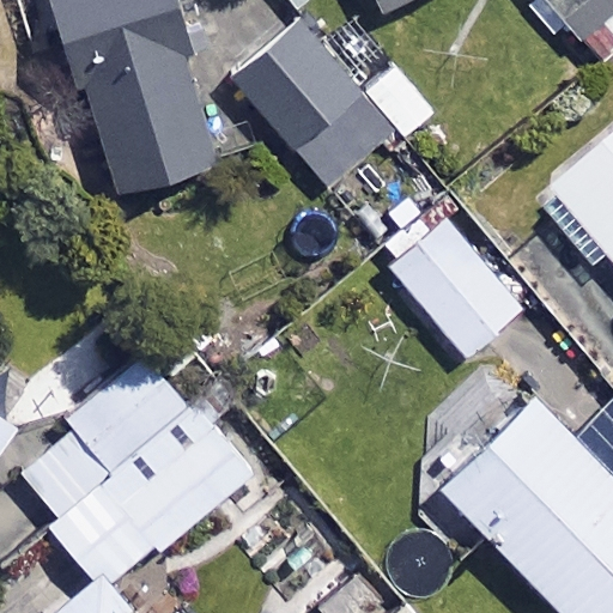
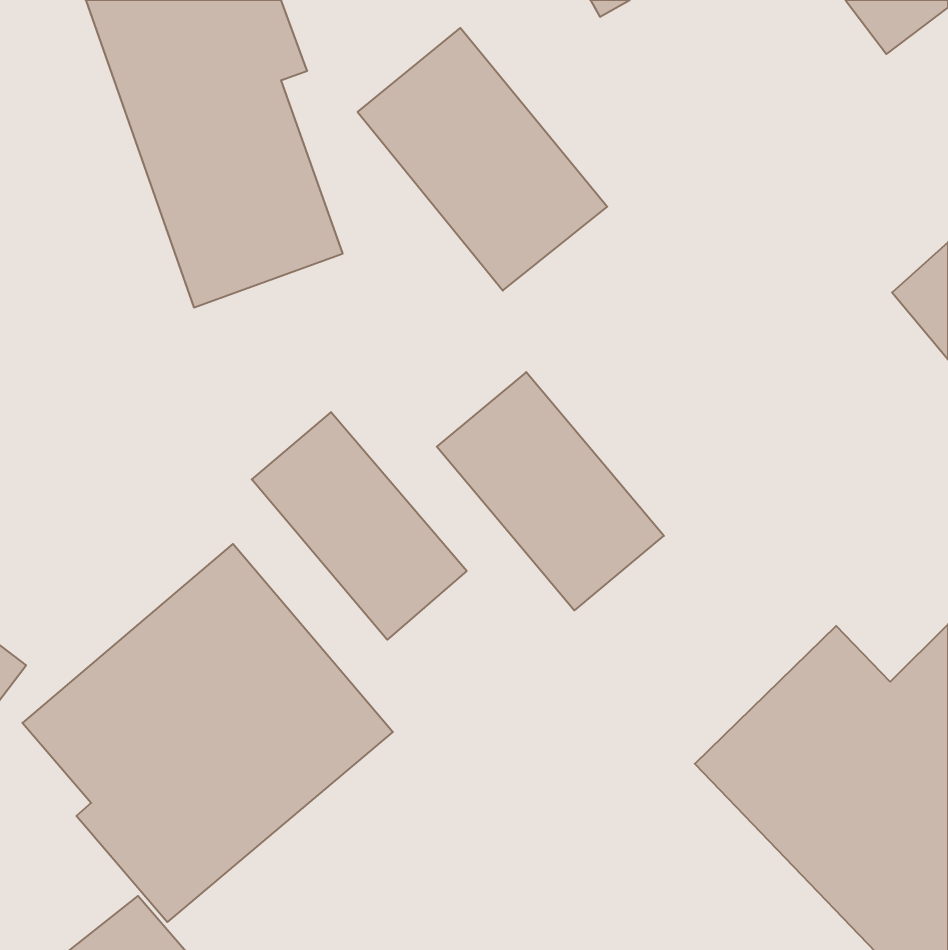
building: [378,202,524,356] -> [437,372,664,610]
building: none -> [252,412,467,640]

